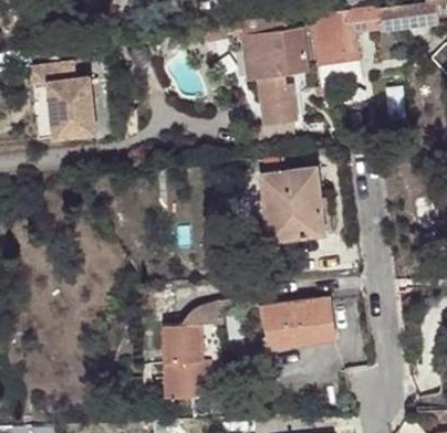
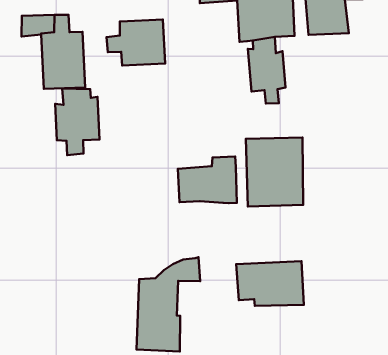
building: none -> [107,20,165,66]
building: none -> [55,88,99,155]
building: none -> [178,156,237,203]

